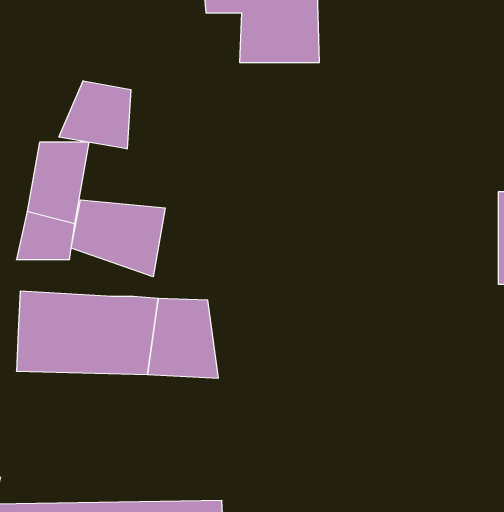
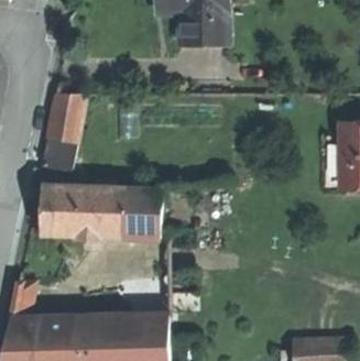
building: [59,81,131,149] -> none
building: [71,200,165,277] -> none

